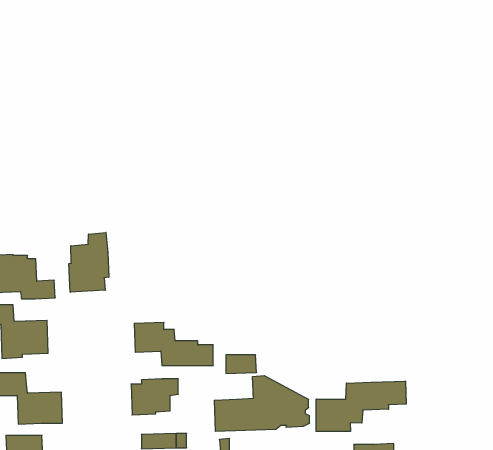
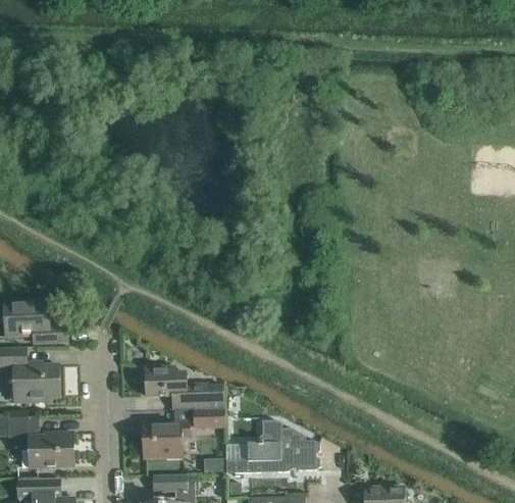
building: [69,232,109,292] -> none
building: [226,355,257,373] -> [194,409,224,427]
building: [316,381,406,431] -> none

